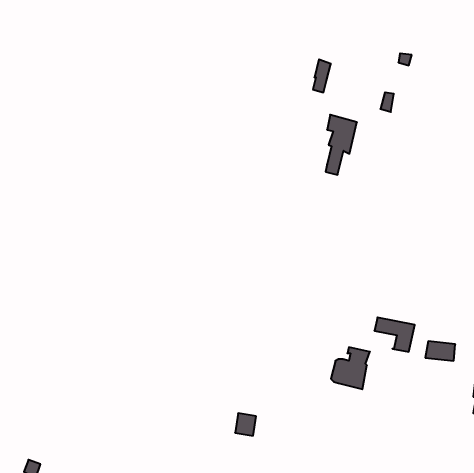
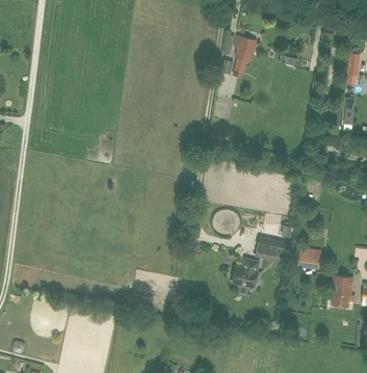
building: [326,115,357,175] -> [233,34,255,76]

